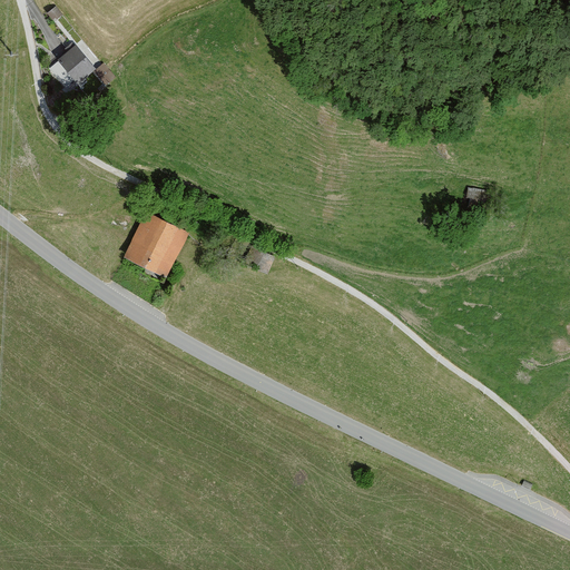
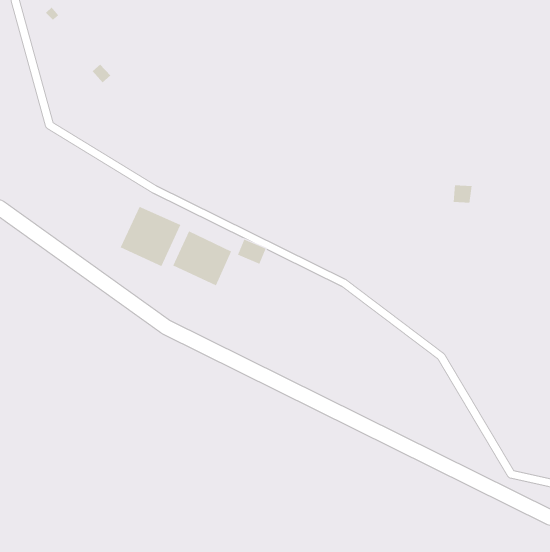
building: [57,48,95,86] -> none
building: none -> [172,230,232,286]

